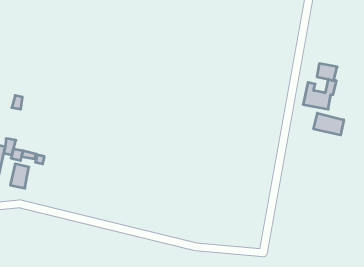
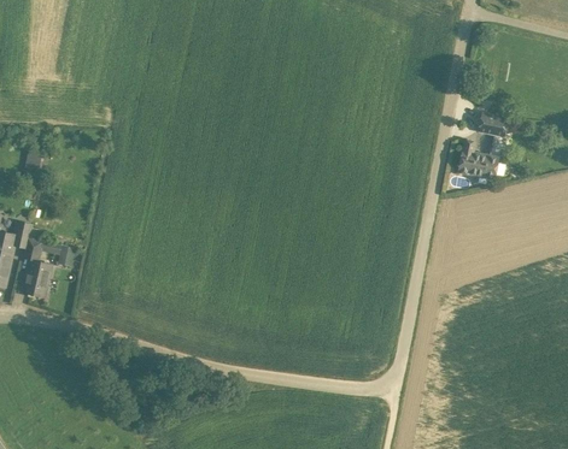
building: [314,113,344,135] -> none

